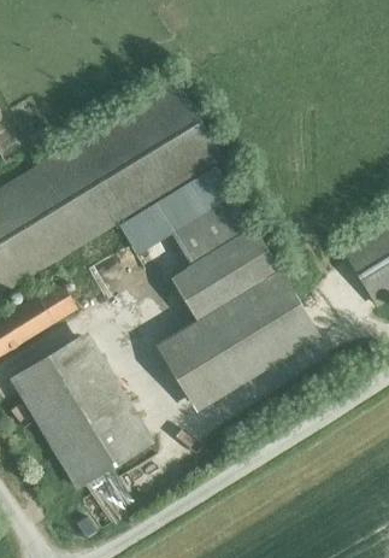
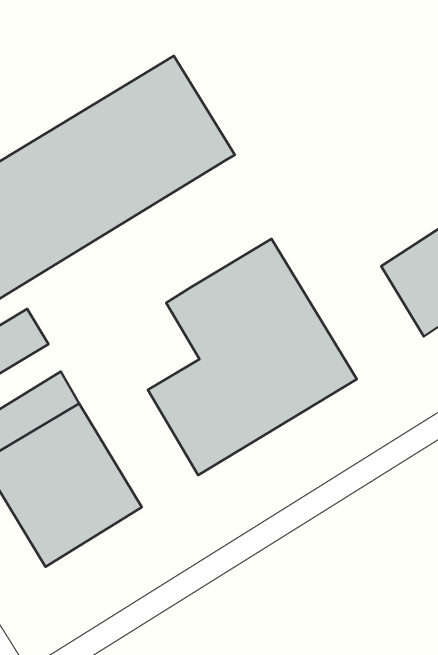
building: [119,164,253,264] -> none

